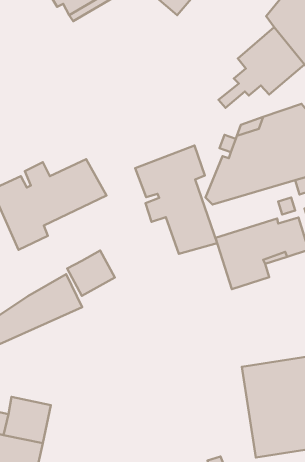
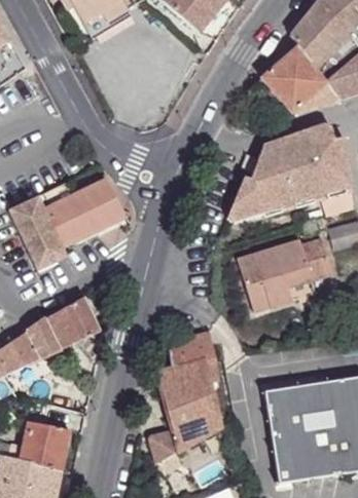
building: [135,146,217,254] -> none
building: [67,250,115,296] -> none
building: none -> [149,330,221,461]

